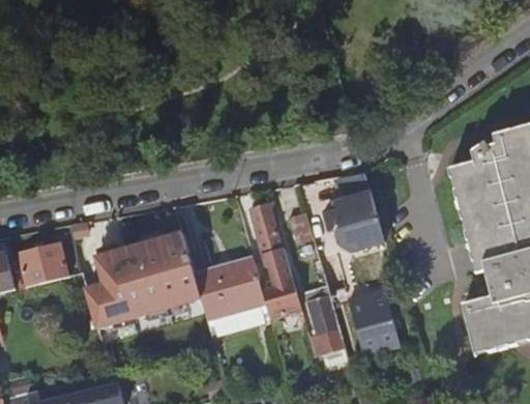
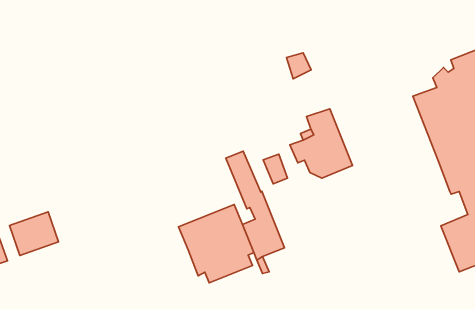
building: [86,232,201,327] -> none
building: [343,280,398,355] -> none
building: [302,285,343,355] -> none

